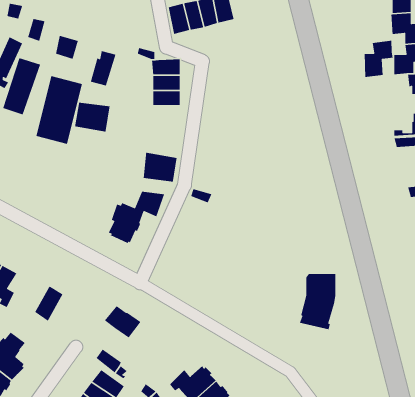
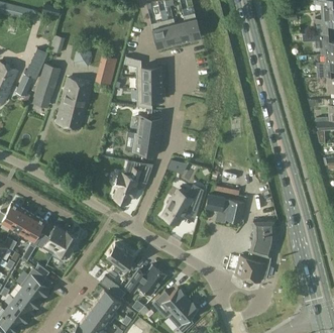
building: [364,40,393,78] -> none
building: [74,102,110,132] -> [136,115,162,137]
building: none -> [164,184,202,223]
building: none -> [206,196,244,222]
building: none -> [36,225,66,253]
building: none -> [234,255,268,282]
building: none -> [125,264,164,294]

